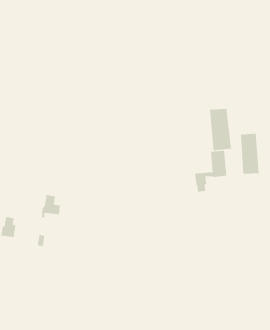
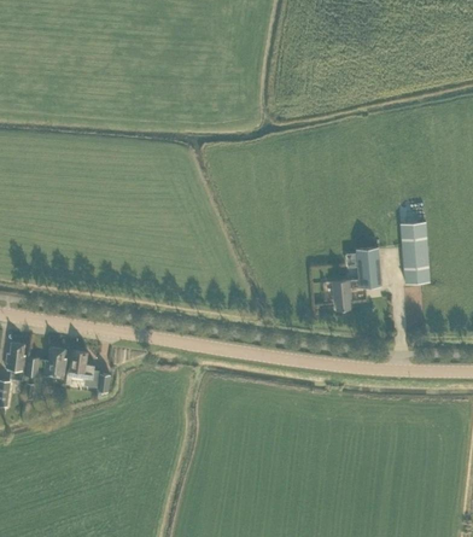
building: [209,108,231,151] -> none
building: [41,195,61,218] -> [64,349,93,384]

